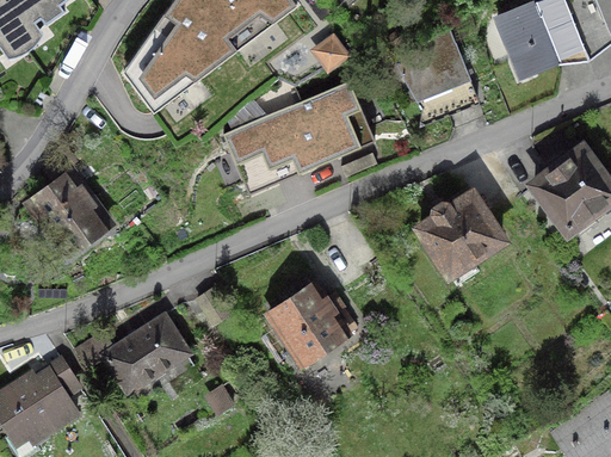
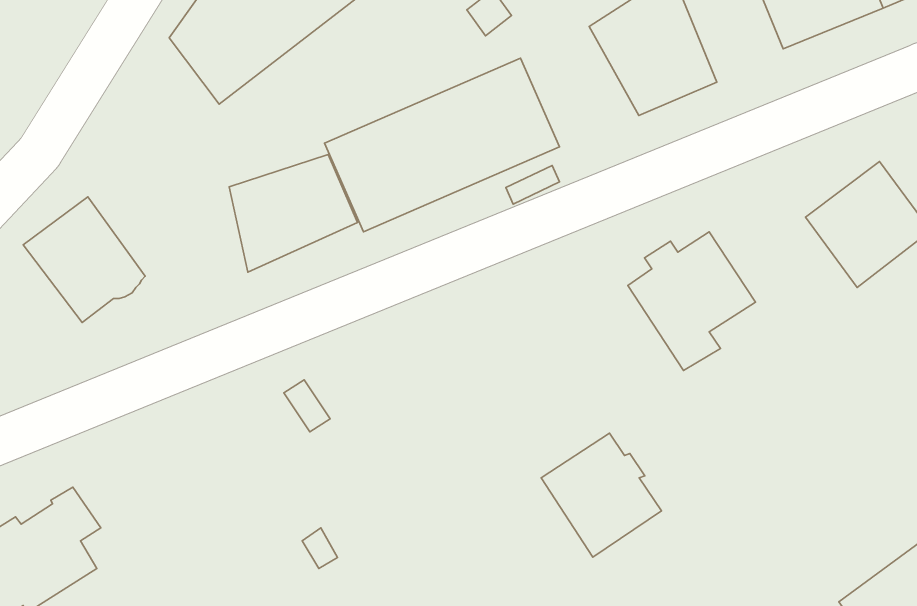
building: none -> [229,154,358,272]
building: [269,284,346,364] -> [541,433,661,557]
building: [74,314,190,394] -> none

